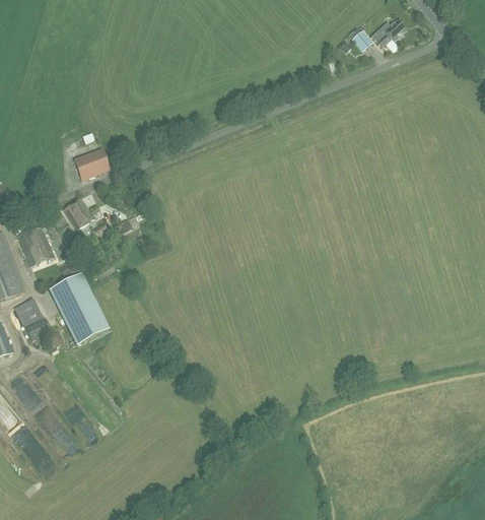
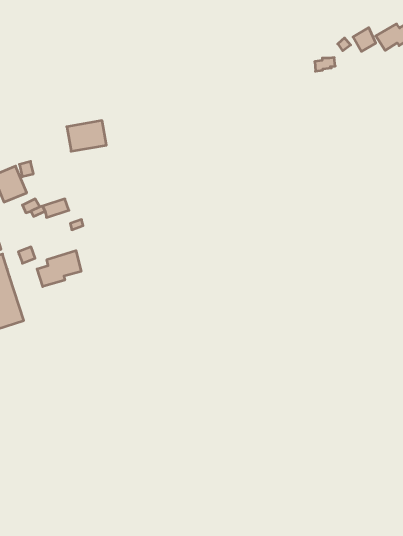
building: [73,149,110,180] -> [67,121,106,151]
building: none -> [37,251,81,287]

